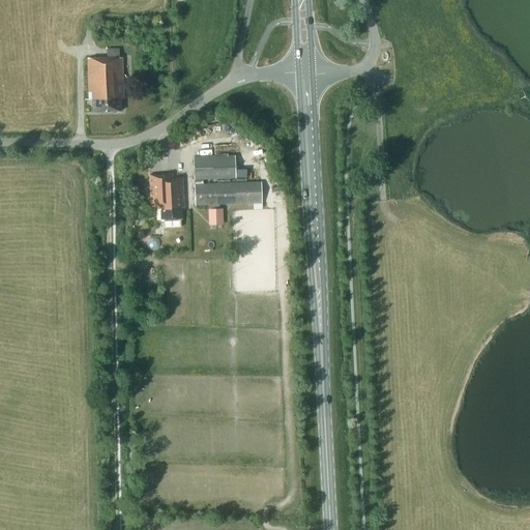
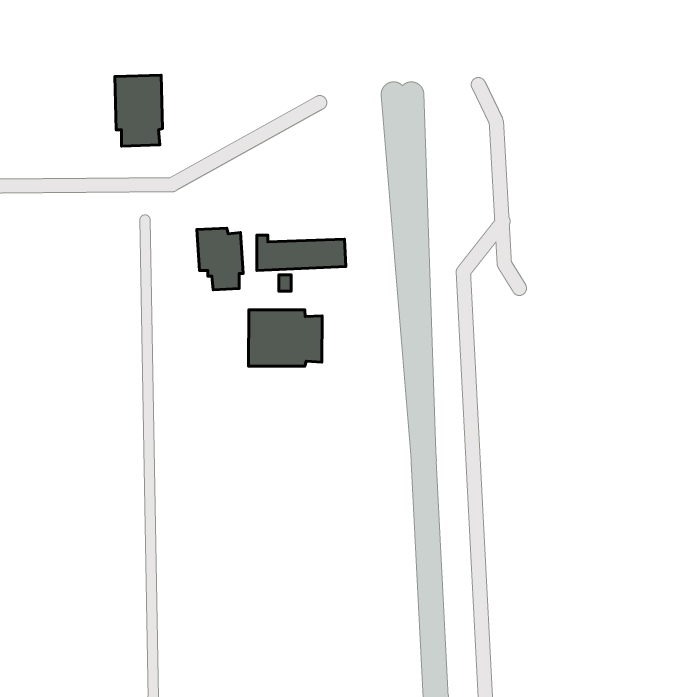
building: [195,155,237,178] -> none
building: none -> [249,310,322,366]

